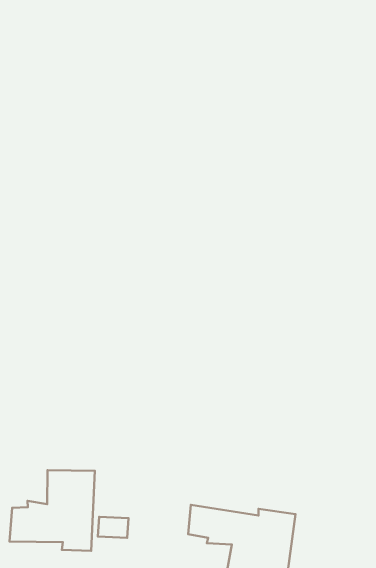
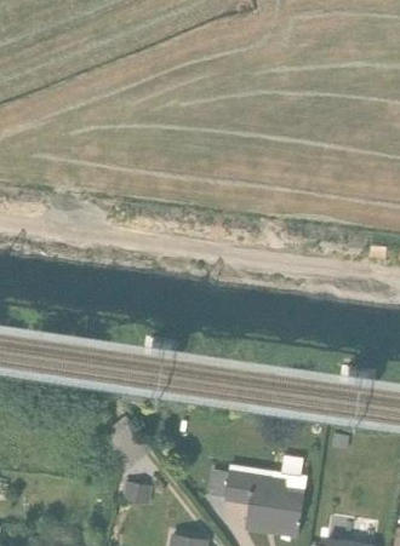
building: [9,470,95,551] -> none

